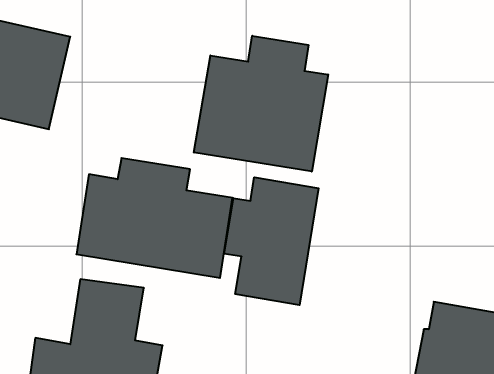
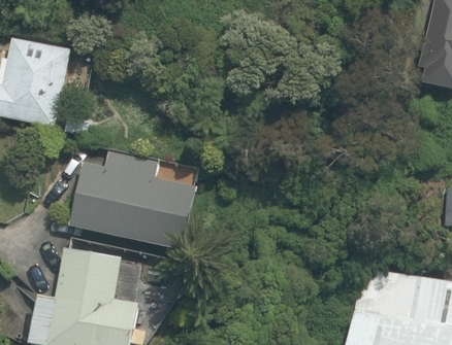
building: [194,36,328,172] -> none
building: [224,177,319,305] -> none

